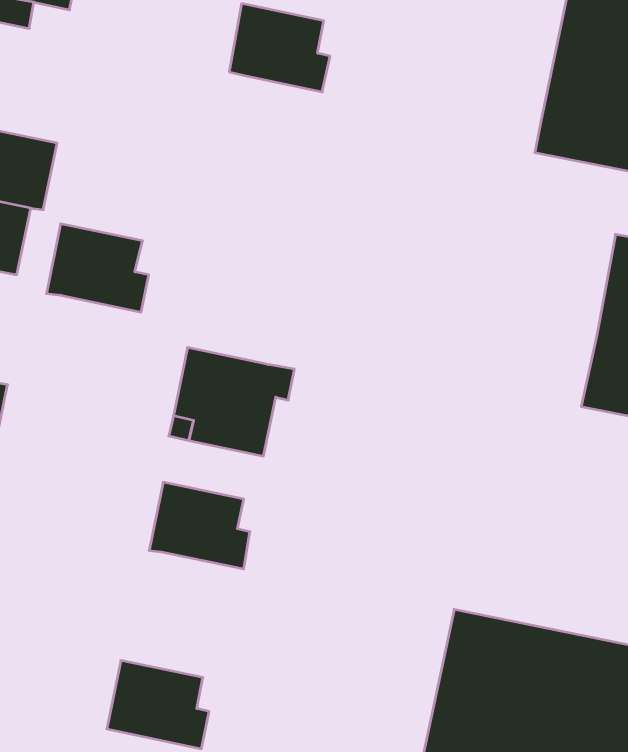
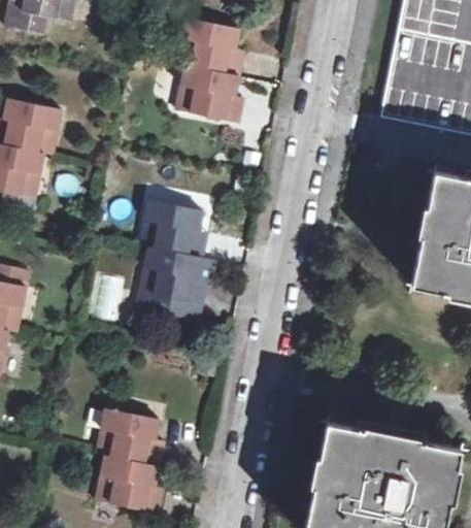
building: none -> [176,65,244,124]
building: [46,224,149,312] -> [140,199,208,258]
building: [149,482,250,569] -> [97,408,164,466]

